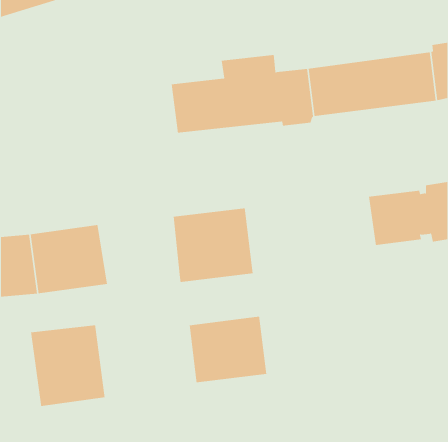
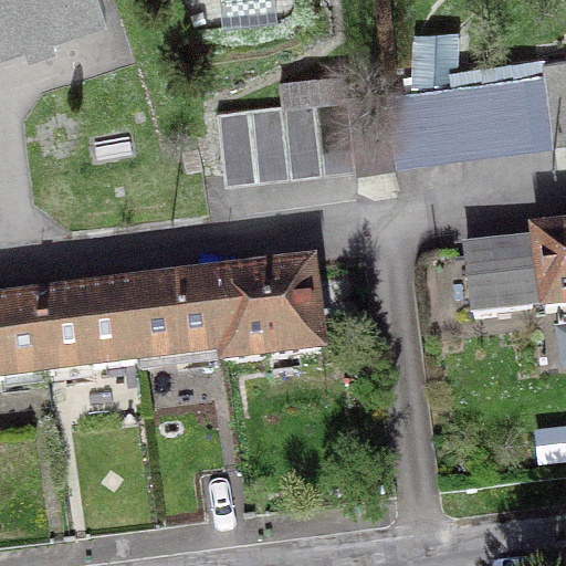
building: none -> [124,273,226,358]
building: [189,316,267,383] -> none
building: [30,324,105,407] -> none

